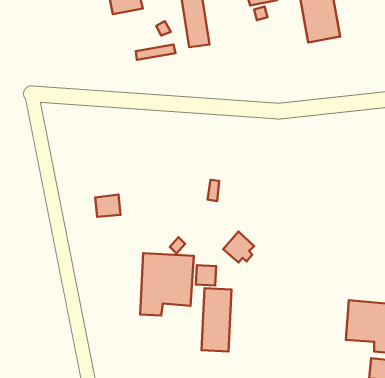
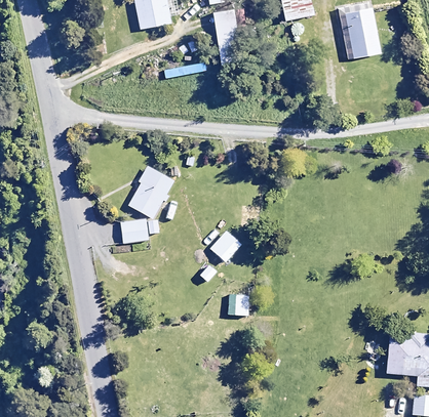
building: none -> [128,166,173,234]
building: [223,232,254,263] -> [209,230,242,262]
building: [140,253,194,316] -> none
building: [202,288,232,352] -> none

